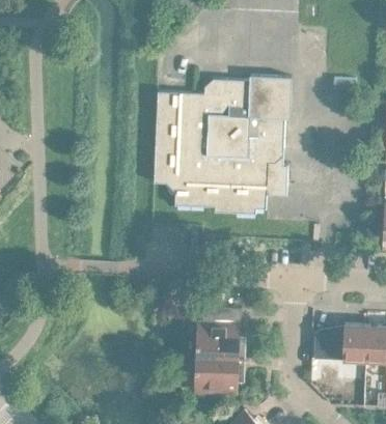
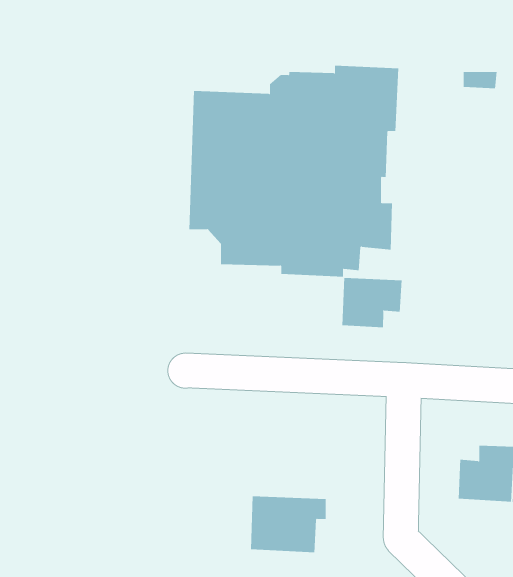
building: none -> [342,277,402,328]
building: [195,308,245,359] -> none

